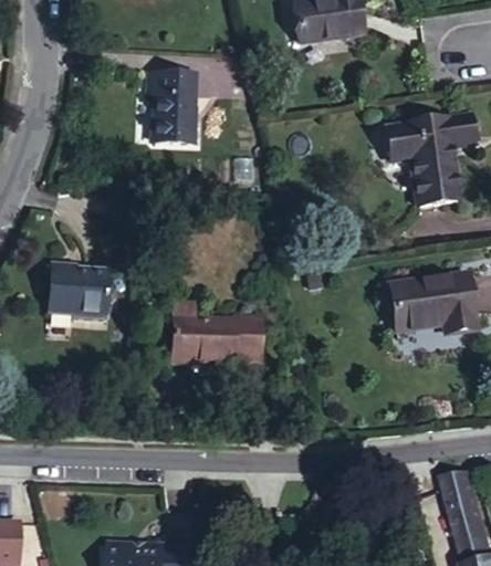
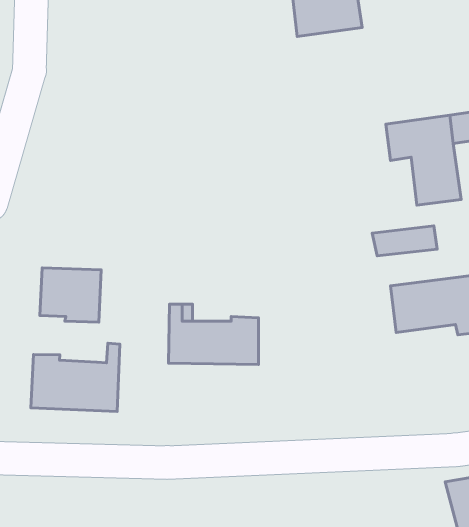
building: [152,72,197,144] -> none
building: none -> [372,226,437,256]
building: none -> [31,343,120,412]

